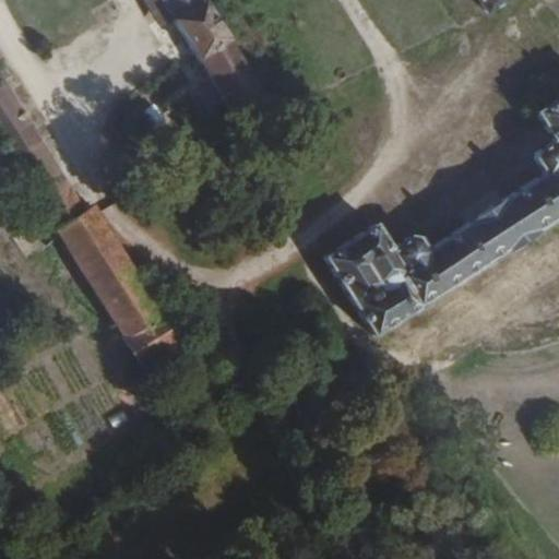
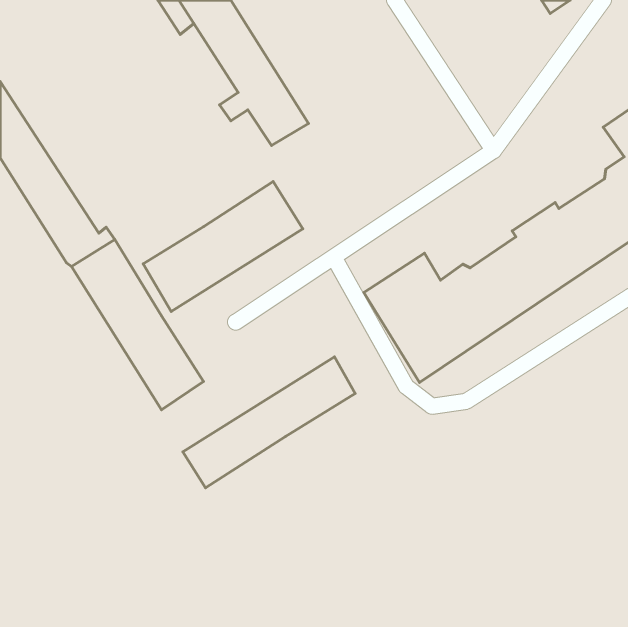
building: none -> [143,182,303,311]
building: none -> [183,357,355,488]

